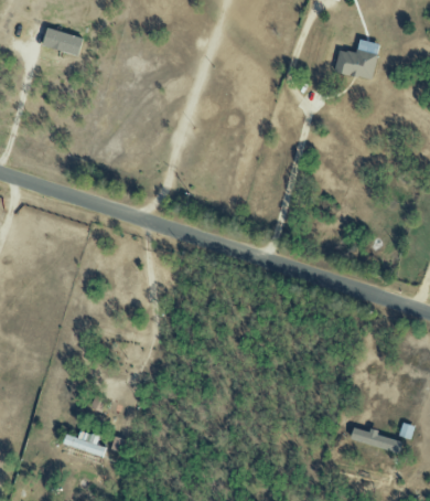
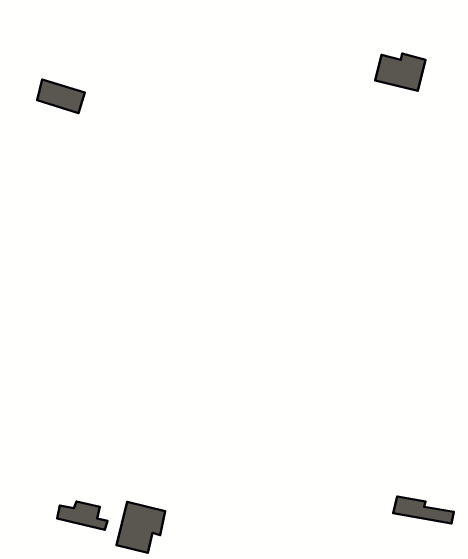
building: [42,26,83,55] -> [37,80,85,113]
building: none -> [116,502,165,553]

